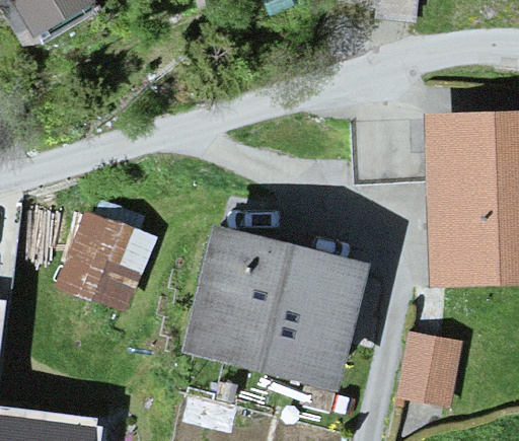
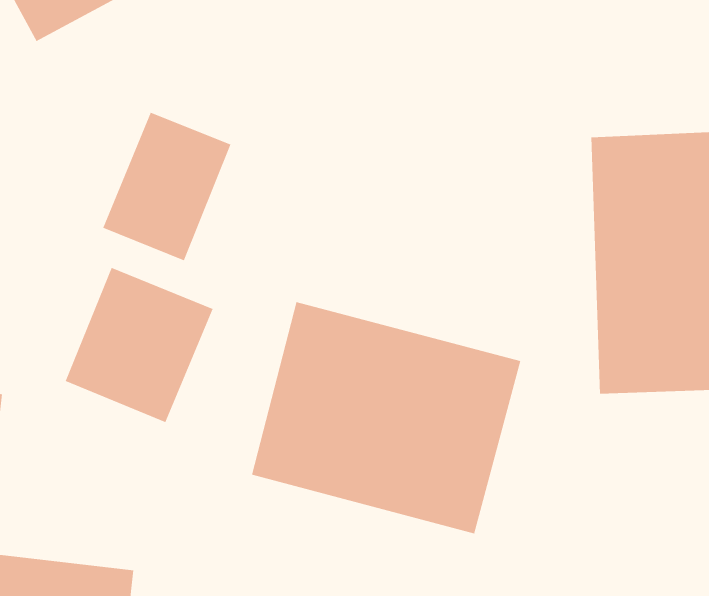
building: none -> [103,112,231,261]
building: [396,330,463,408] -> none

